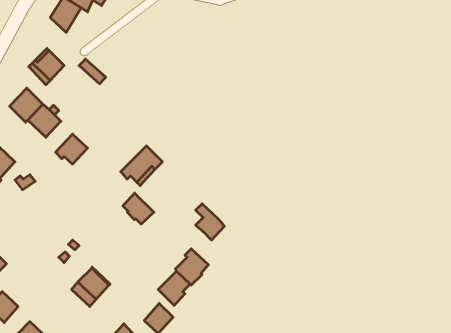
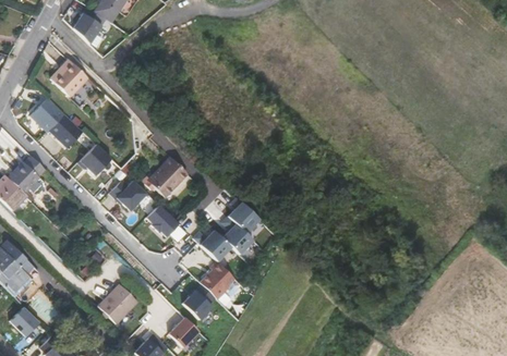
building: none -> [111,180,148,210]
building: none -> [229,197,259,232]
building: none -> [194,230,230,259]

